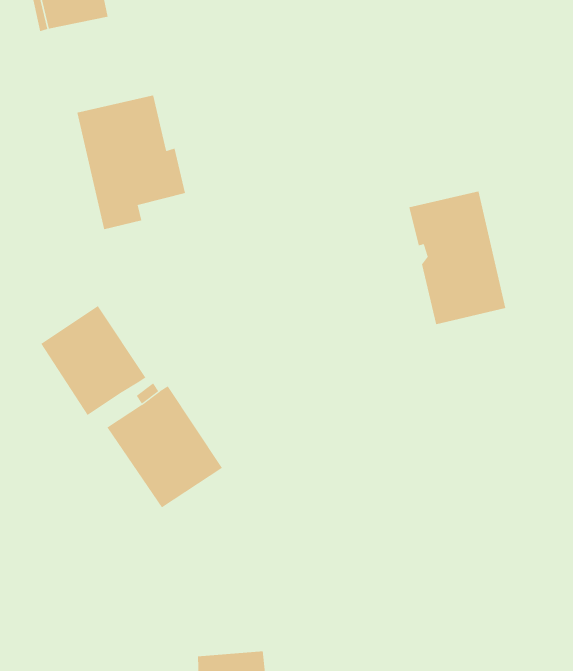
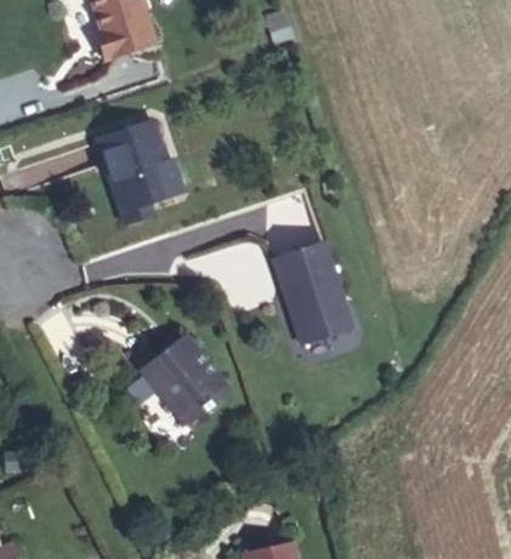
building: [408,191,506,325] -> [276,243,354,344]
building: [41,305,146,416] -> none

